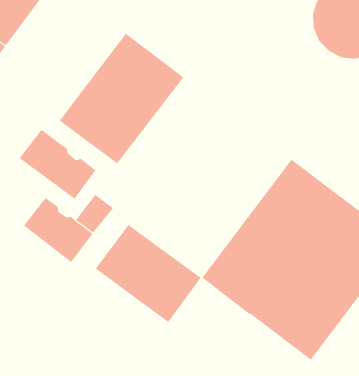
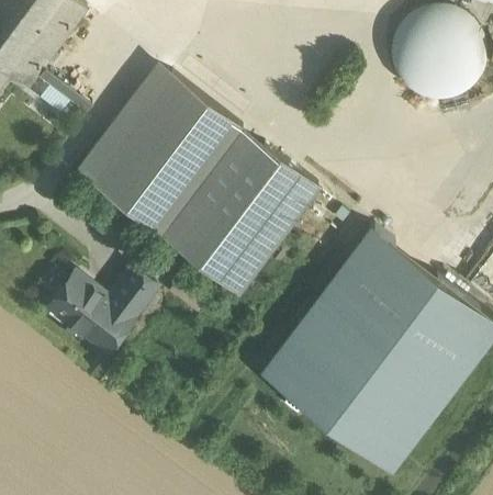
building: none -> [163,133,320,292]
building: [19,129,96,200] -> none
building: [95,224,201,323] -> none

